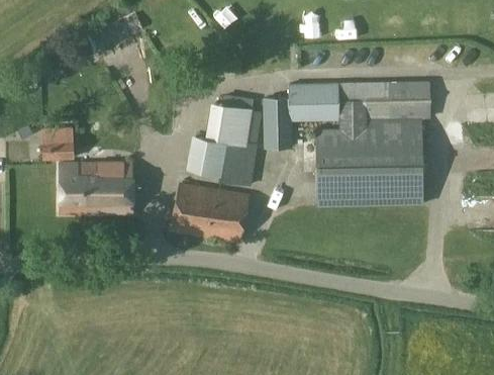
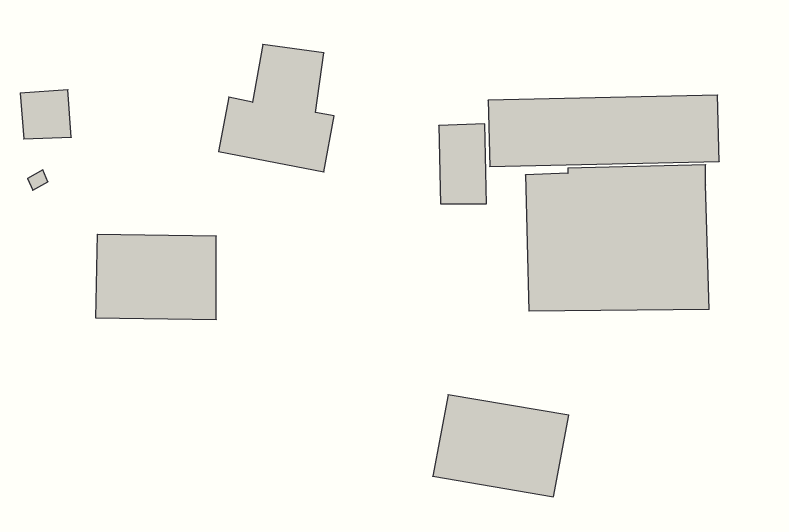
building: [187,107,256,183] -> [219,44,334,172]
building: [42,126,73,156] -> [20,90,71,139]
building: [169,181,250,242] -> [433,395,569,497]

